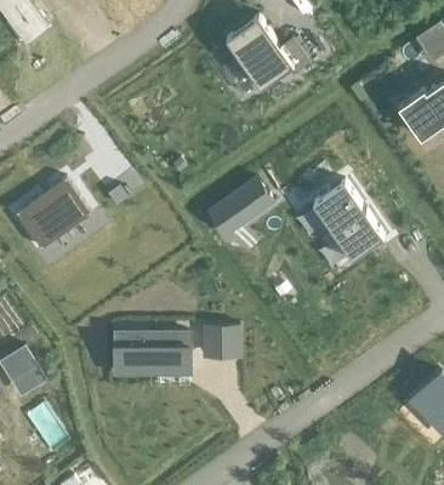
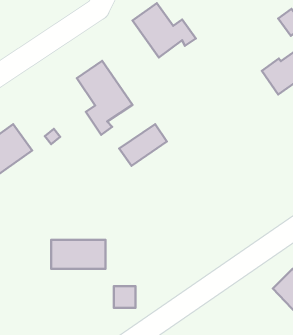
building: none -> [77,61,132,135]
building: [312,182,382,259] -> none
building: [204,330,233,359] -> [114,286,136,308]

